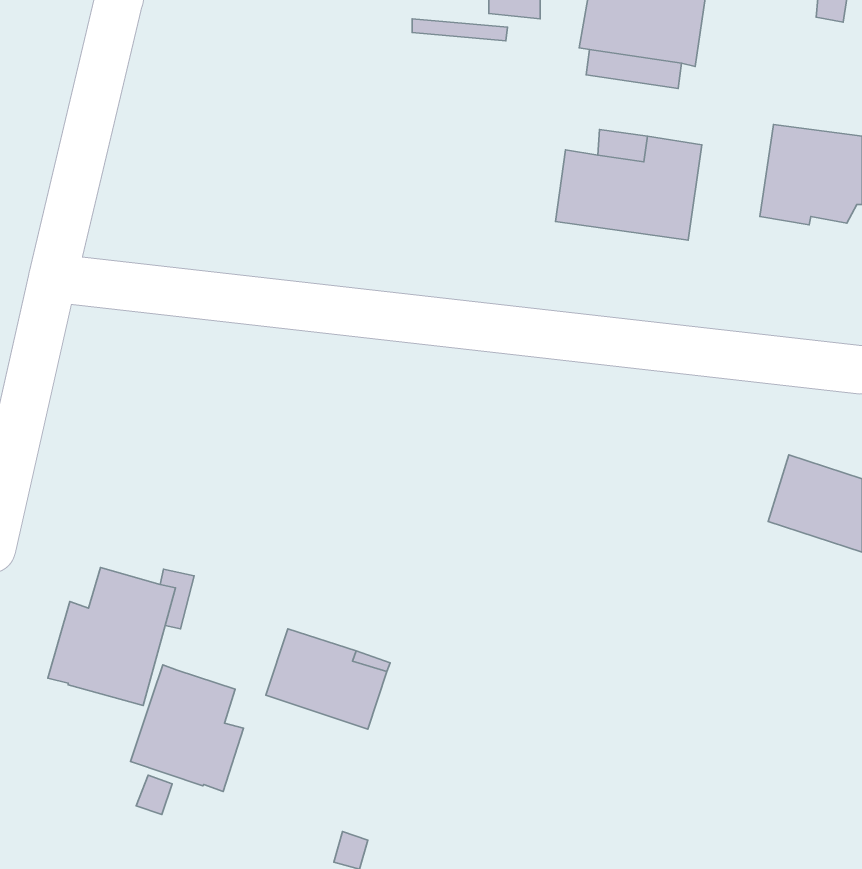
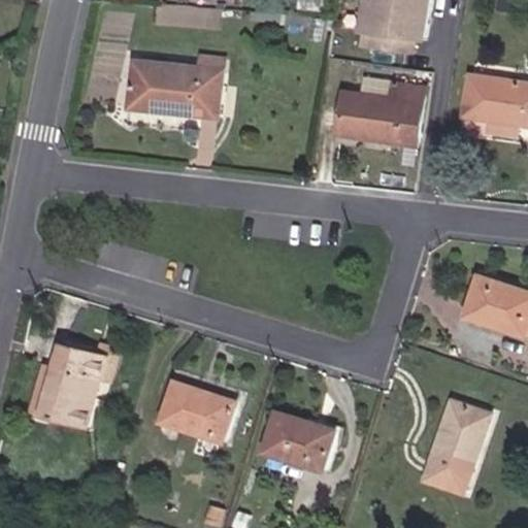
building: none -> [127,57,222,118]
building: none -> [424,399,490,493]
building: [130,665,244,792] -> none
building: none -> [264,411,335,470]

